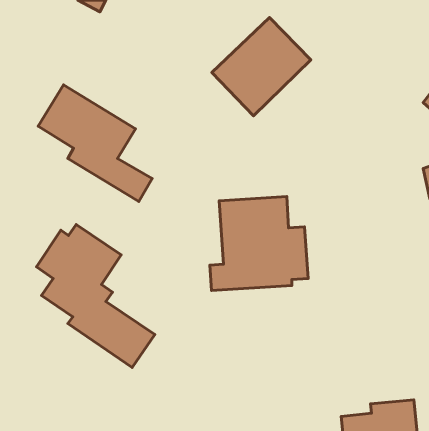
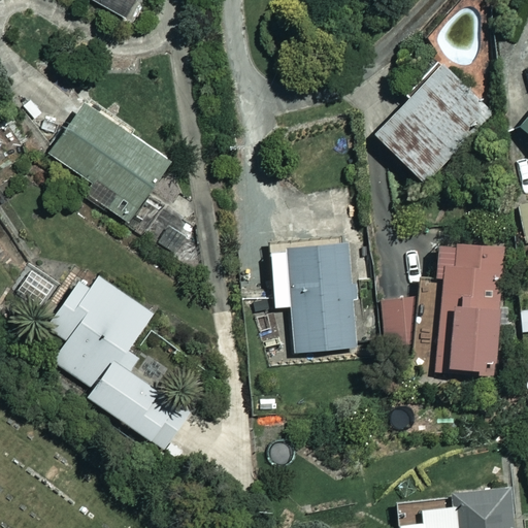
building: [212,17,311,116] -> [373,65,494,185]
building: none -> [385,244,501,368]

